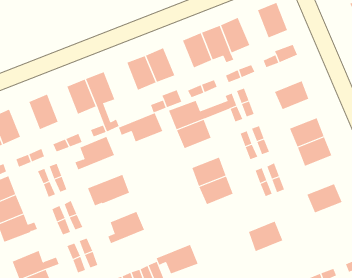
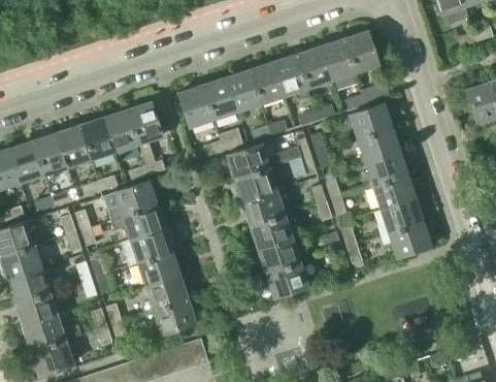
building: none -> [319,38,354,81]
building: none -> [225,69,260,112]
building: none -> [350,103,392,139]
building: none -> [79,117,114,159]
building: none -> [365,151,407,186]
building: none -> [32,132,67,182]
building: [118,112,163,142] -> [110,204,165,240]
building: none -> [242,191,285,226]
building: [307,183,342,213] -> [388,222,431,257]
building: none -> [137,252,179,286]
building: [248,221,283,252] -> [265,261,307,297]
building: none -> [14,292,57,326]
building: [156,244,198,274] -> [144,298,196,333]

